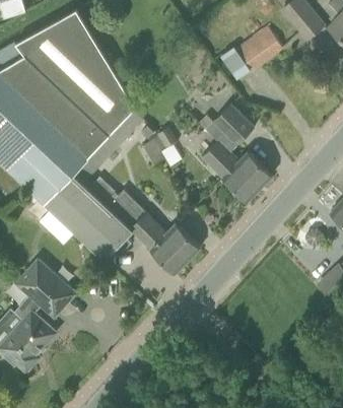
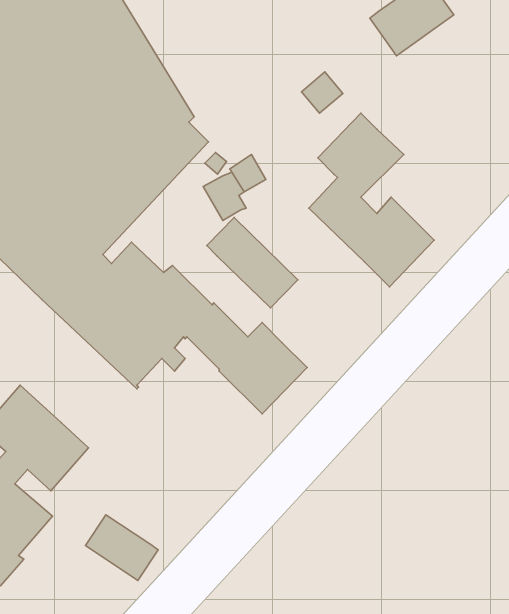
building: none -> [207,217,298,308]
building: none -> [85,515,158,580]

